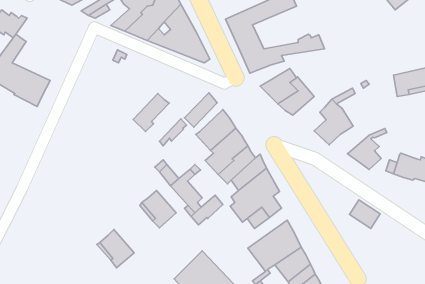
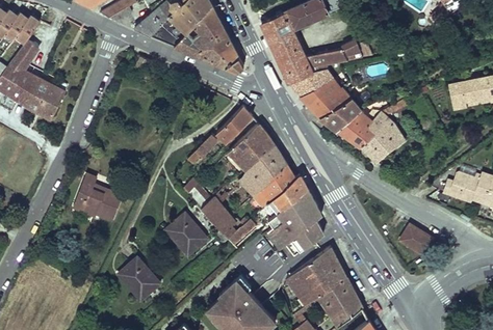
building: none -> [288,70,333,98]
building: [133,93,169,132] -> none
building: [348,129,387,170] -> [336,102,380,147]
building: none -> [73,174,122,221]

